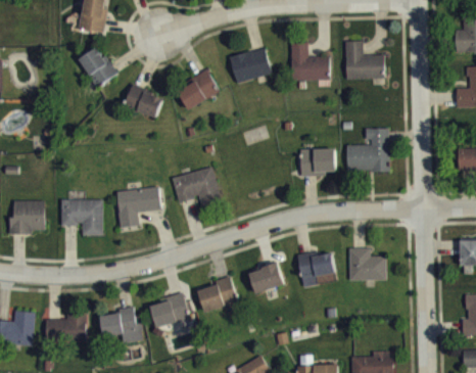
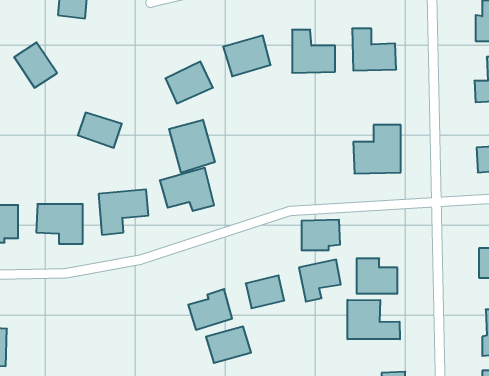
building: [78,46,116,87] -> [14,42,57,88]
building: [124,86,163,118] -> [78,113,122,148]
building: none -> [169,120,215,173]
building: [301,148,336,176] -> [302,220,340,250]
building: none -> [348,300,400,339]
building: [149,294,190,327] -> [206,327,251,363]
building: [99,307,142,343] -> none
building: [45,314,86,341] -> none

